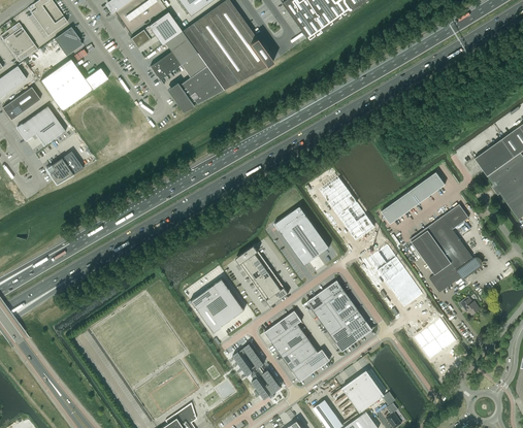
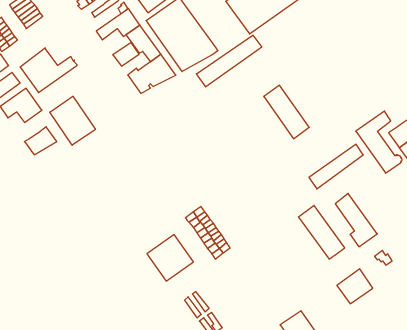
building: [54,27,83,56] -> none
building: none -> [196,35,262,87]
building: none -> [50,96,95,145]
building: [321,176,374,239] -> [264,85,309,139]
building: [274,205,329,265] -> none
building: [427,205,482,278] -> [356,111,402,173]
building: [306,279,372,351] -> none
building: [264,310,330,382] -> none

